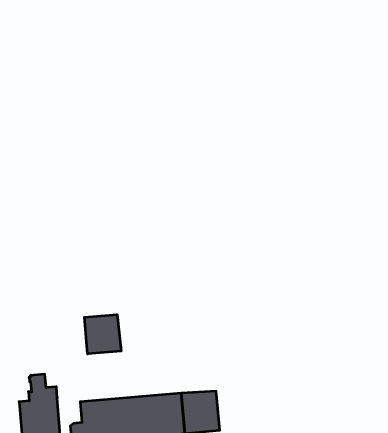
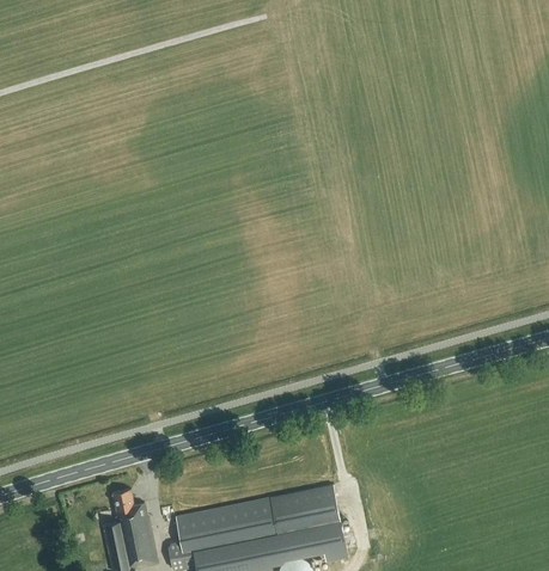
building: [84,315,121,354] -> none

